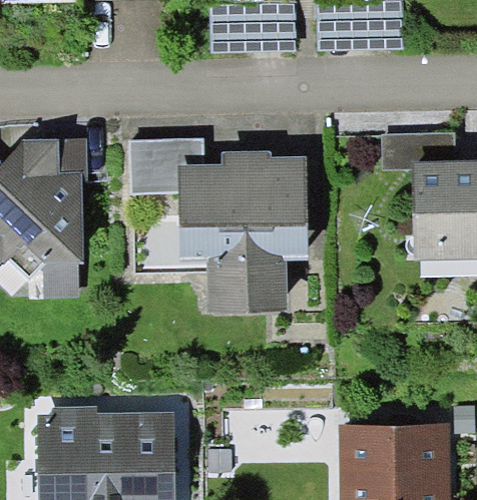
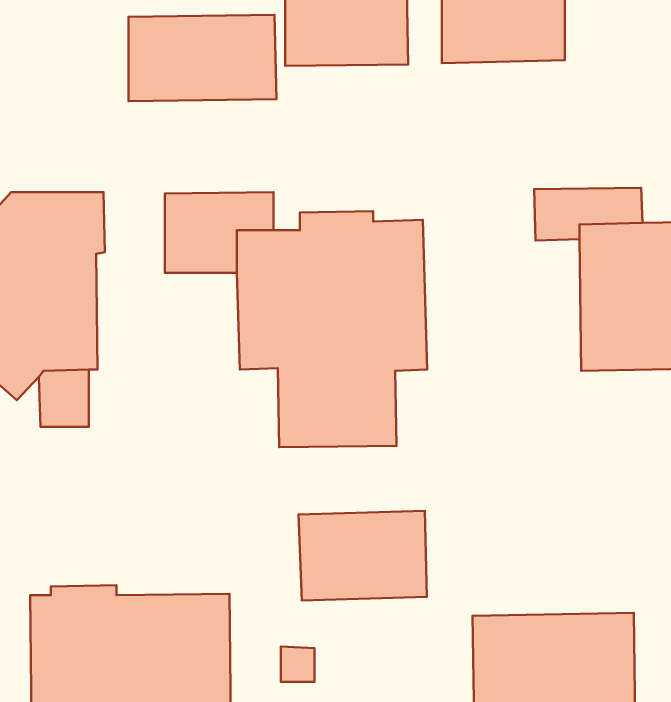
building: none -> [128,15,277,101]
building: none -> [299,511,427,601]

